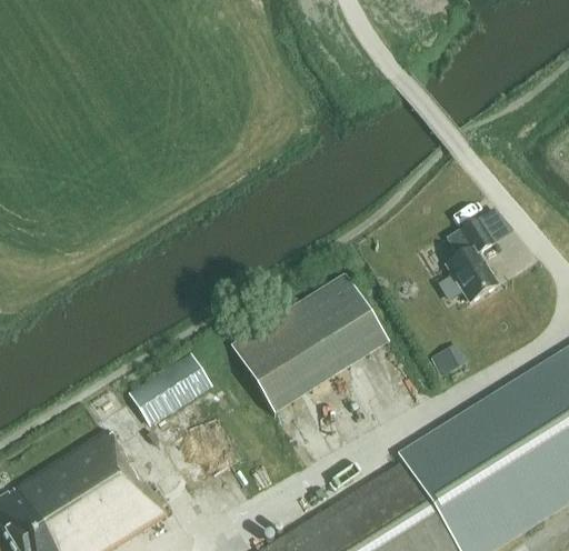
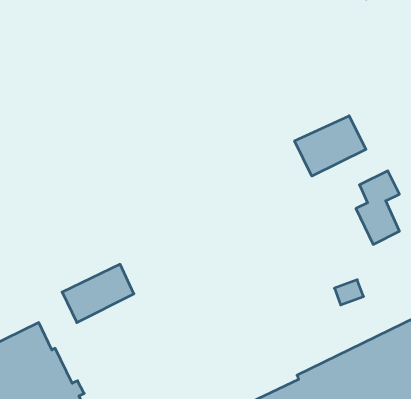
building: none -> [295,116,366,176]
building: [231,272,389,413] -> none

